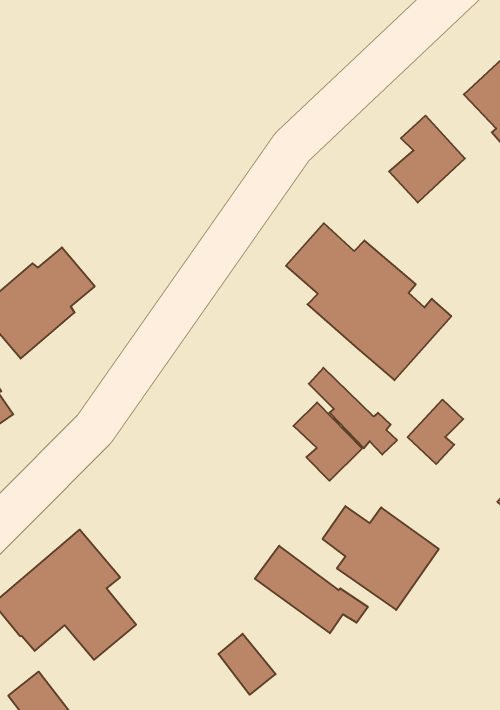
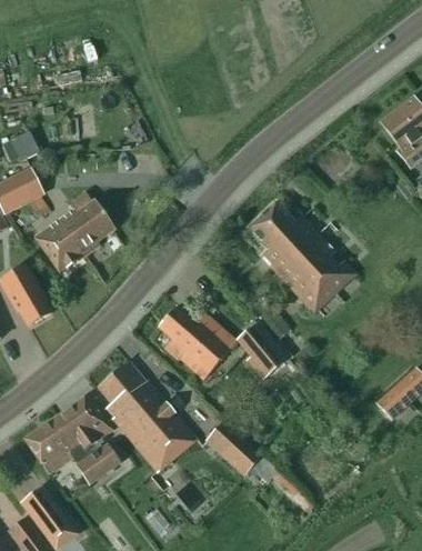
building: [389,116,465,203] -> none
building: [408,400,463,464] -> none
building: none -> [97,361,199,475]
building: [323,506,439,610] -> [158,305,237,380]

